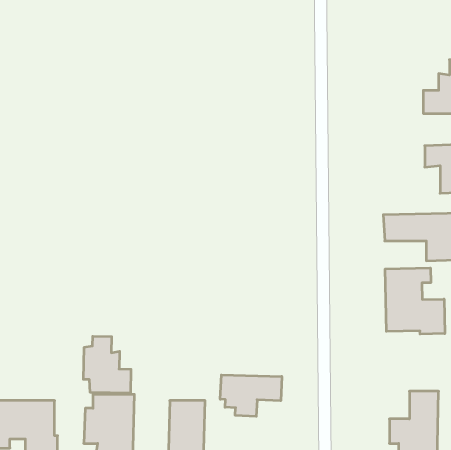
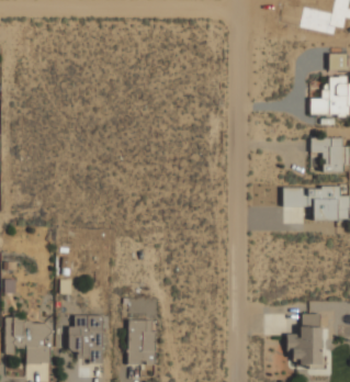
building: [385,268,445,334] -> none
building: [83,336,131,393] -> none
building: [220,375,282,416] -> none

